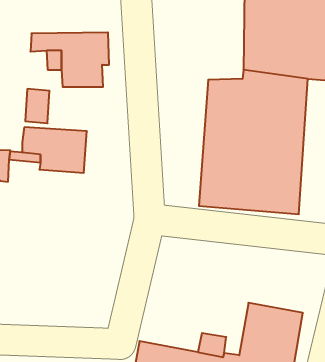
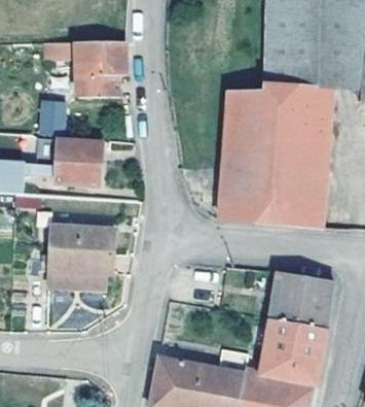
building: none -> [41,226,117,290]
building: none -> [269,272,333,328]

